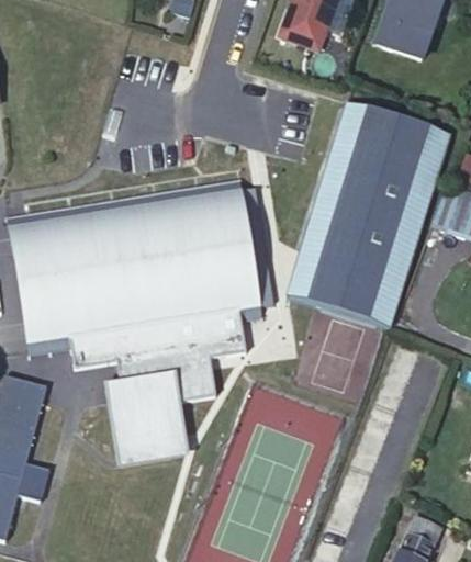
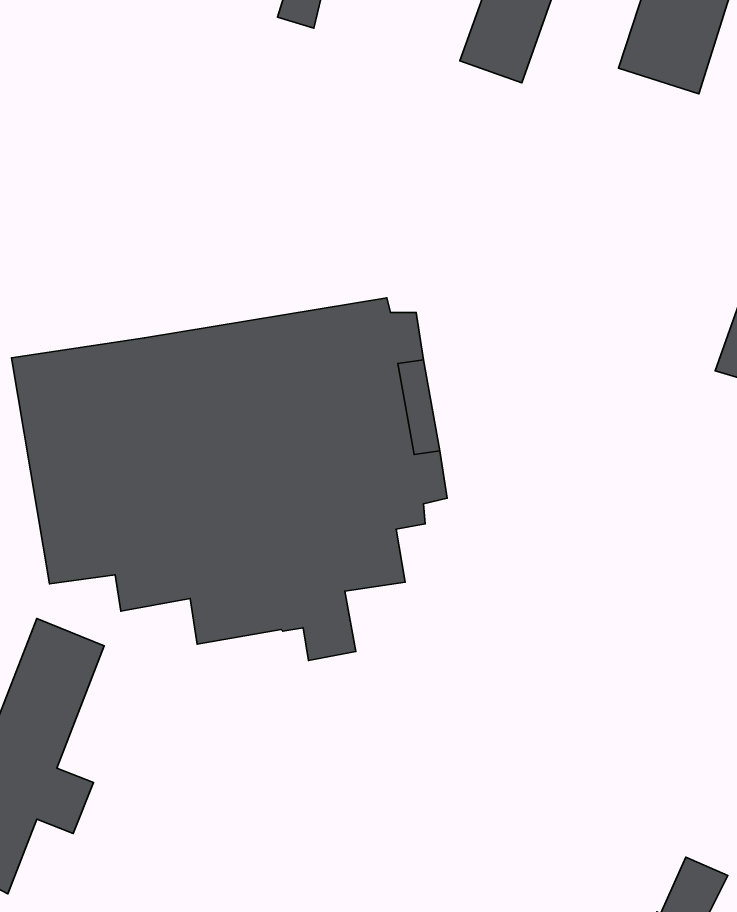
building: [292,109,441,326] -> none
building: [108,380,183,457] -> none

